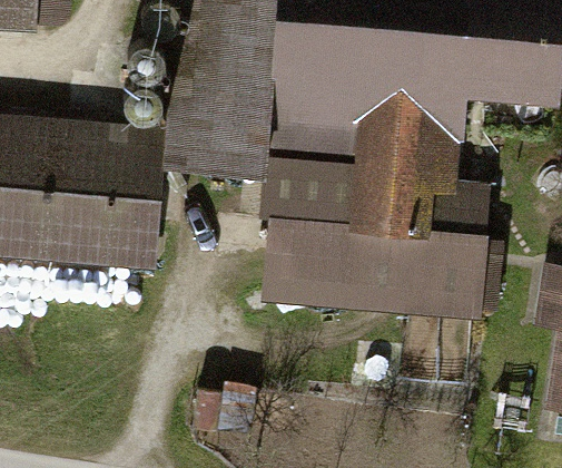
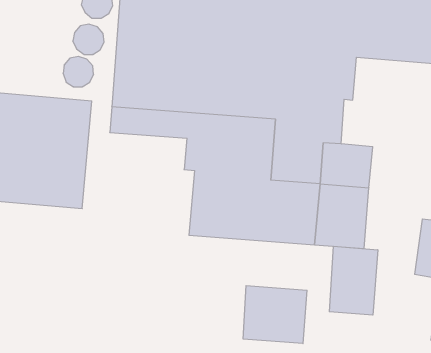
building: none -> [329,246,378,315]
building: none -> [243,286,307,344]

